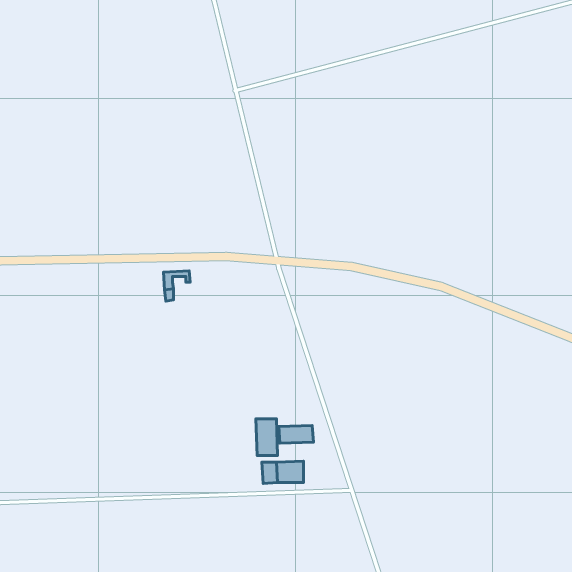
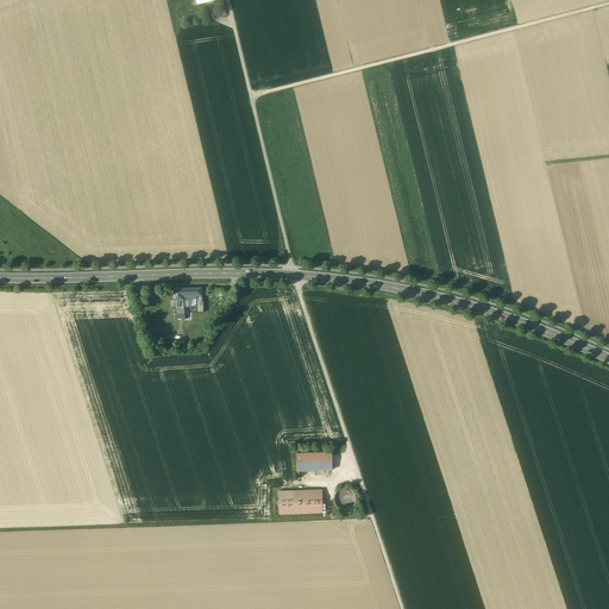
building: [256,419,278,455] -> none

